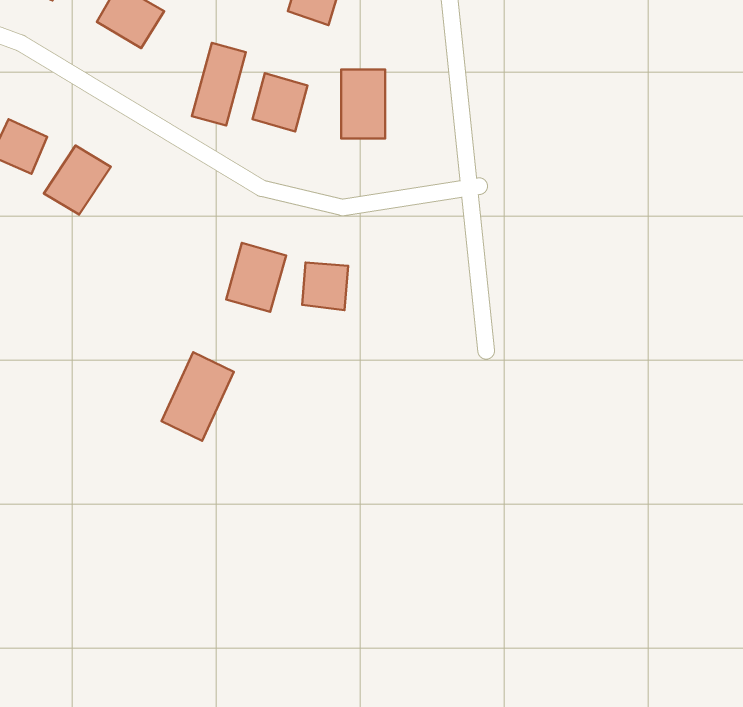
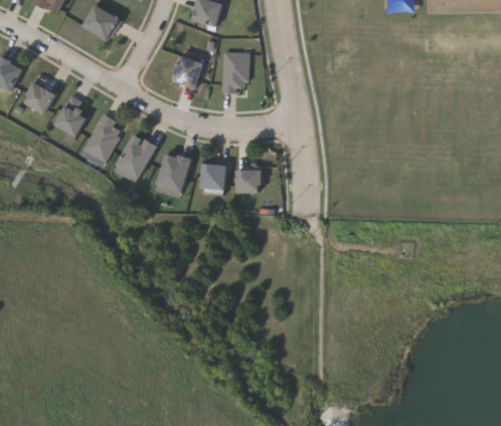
building: [192,43,246,125] -> none
building: none -> [82,115,125,161]
building: none -> [236,170,262,193]
building: [161,352,234,441] -> [115,133,156,183]

